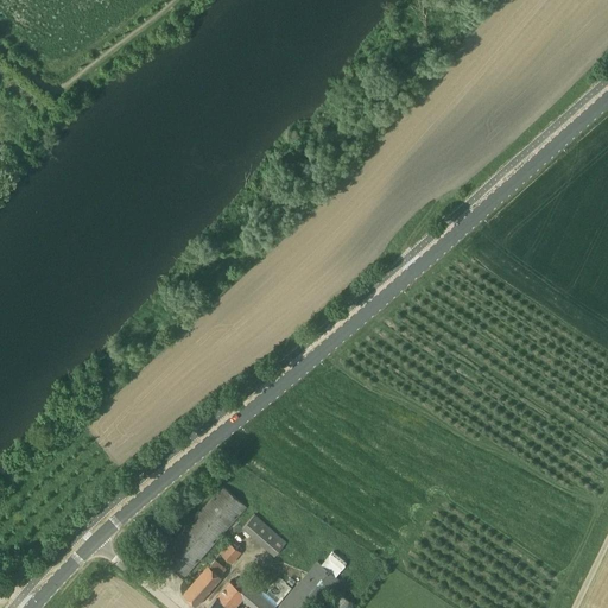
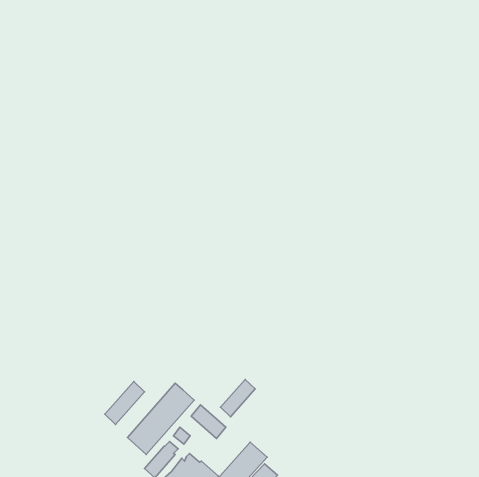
building: none -> [220,379,255,417]
building: none -> [105,381,145,425]

